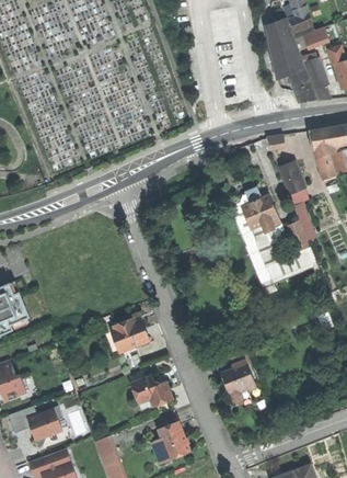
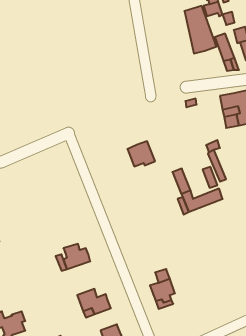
building: [290,70,315,103] -> none
building: [275,159,302,191] -> none
building: [241,197,276,229] -> [127,141,155,166]

